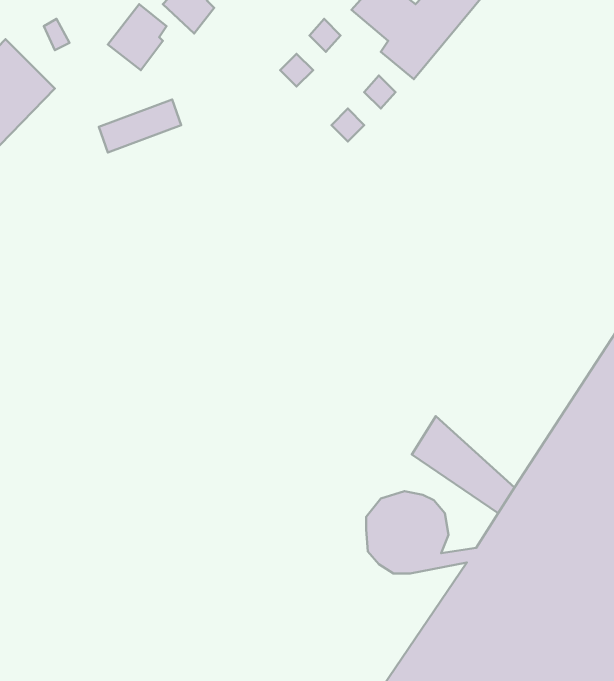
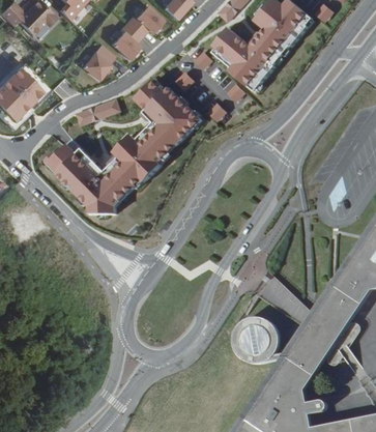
building: none -> [52,79,209,213]

